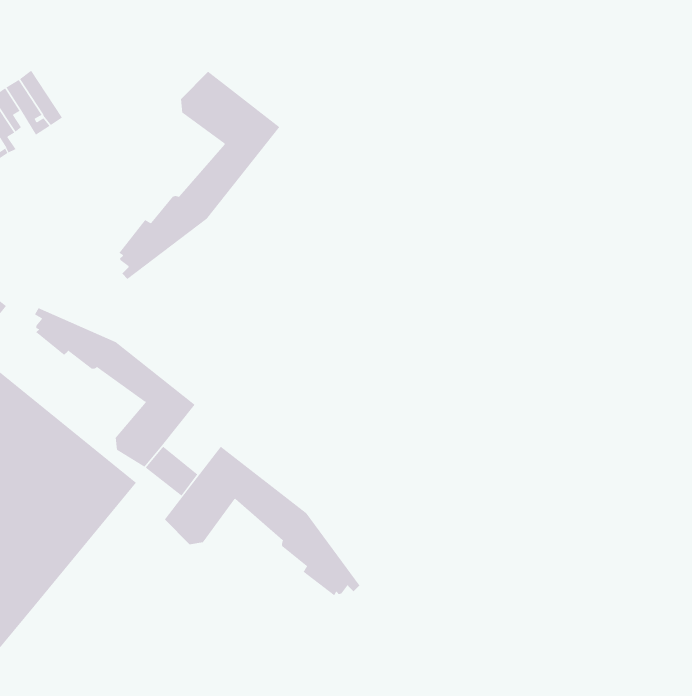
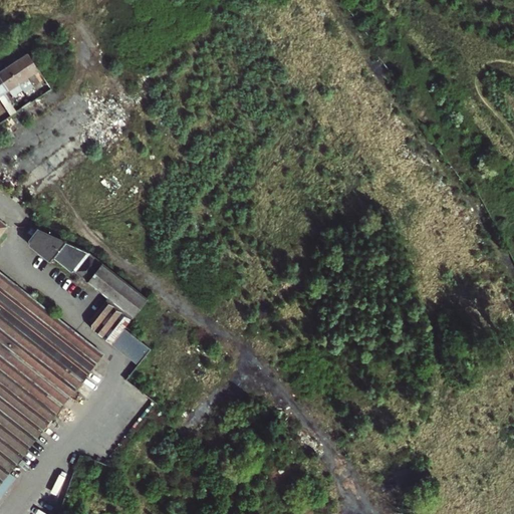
building: [119,71,280,280] -> none
building: [164,446,360,596] -> none

